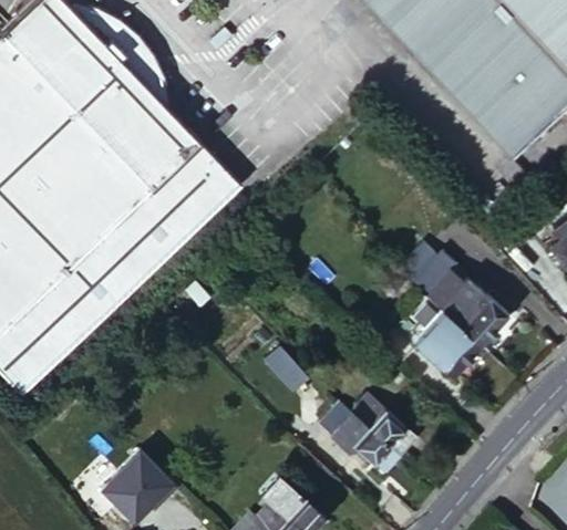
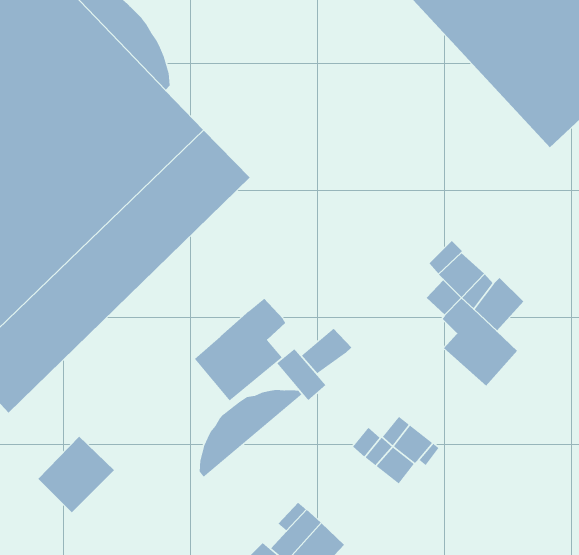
building: none -> [194,298,286,402]
building: [462,297,507,342] -> none
building: none -> [301,328,352,374]
building: none -> [199,389,302,478]
building: [103,449,173,519] -> [37,436,115,513]

